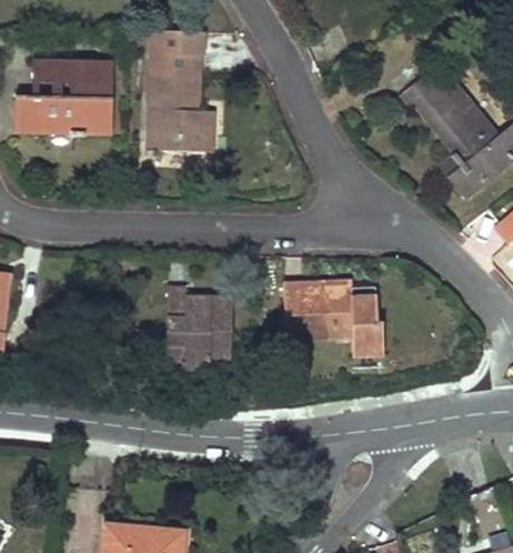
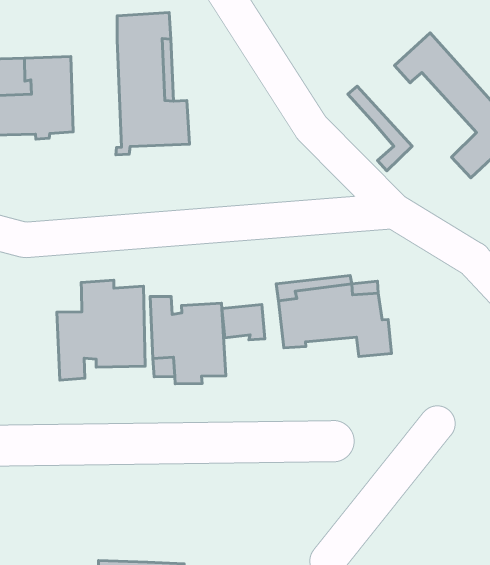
building: [419,99,474,178] -> [348,86,412,171]
building: none -> [57,280,145,380]
building: none -> [222,304,265,340]

